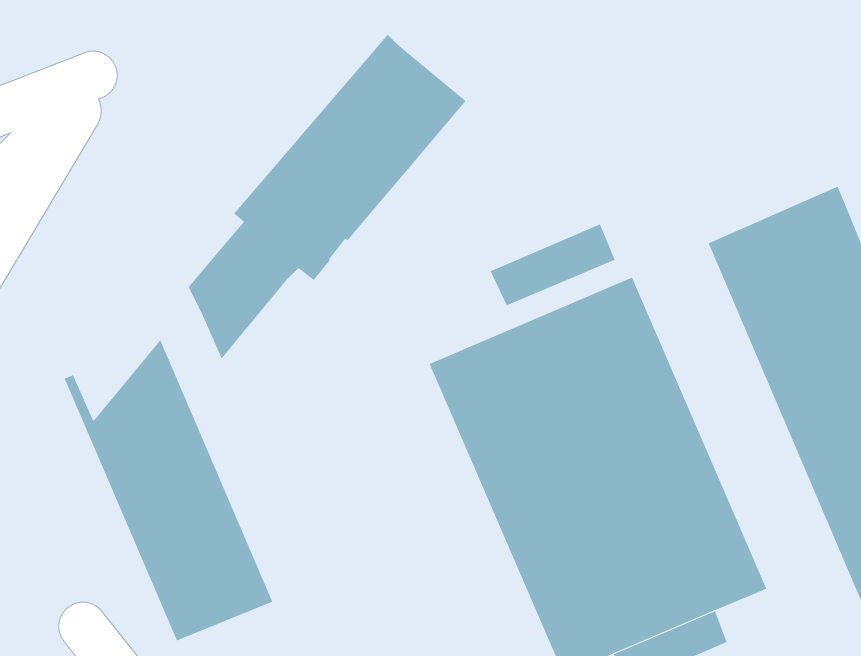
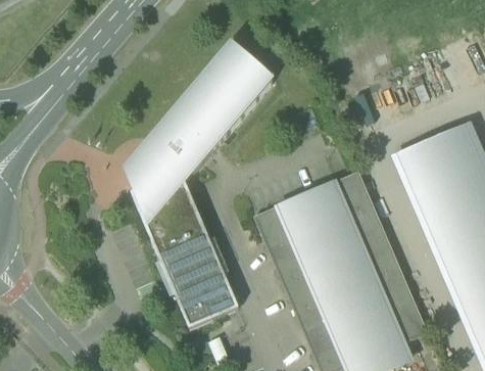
building: [490,223,616,306] -> none
building: [64,339,273,641] -> [131,170,239,326]

